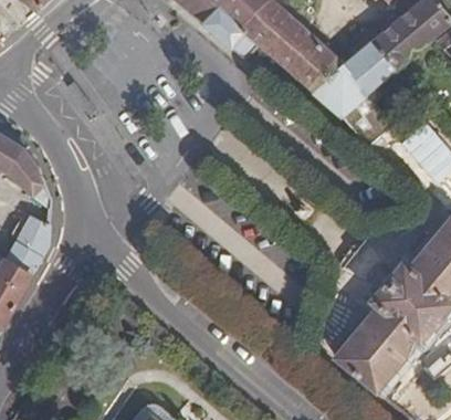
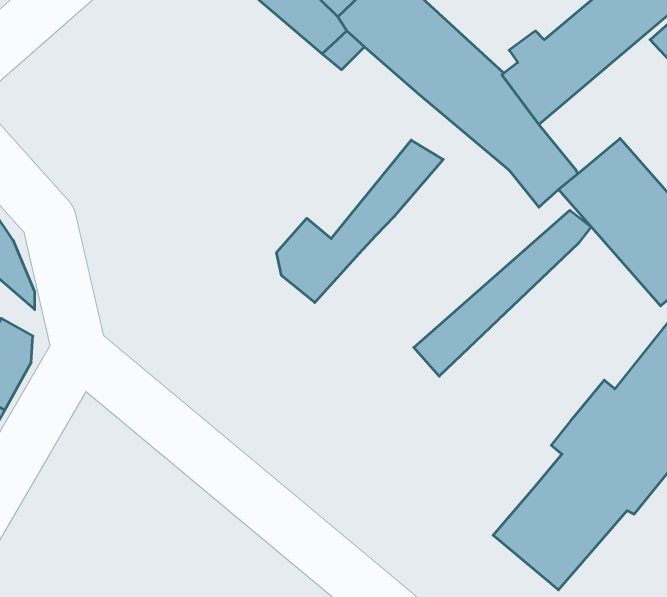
building: none -> [277,140,443,303]
building: none -> [414,210,591,376]

